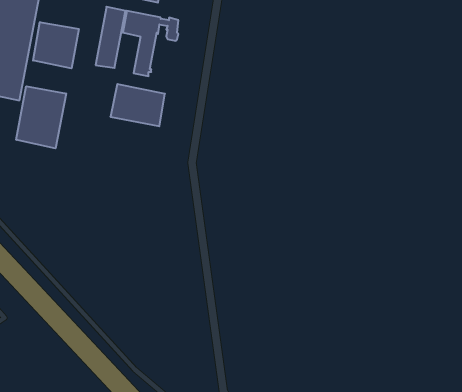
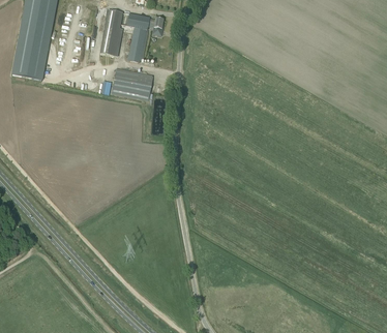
building: [33,22,79,68] -> none
building: [16,86,66,148] -> none

